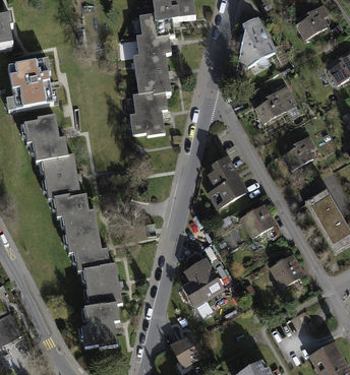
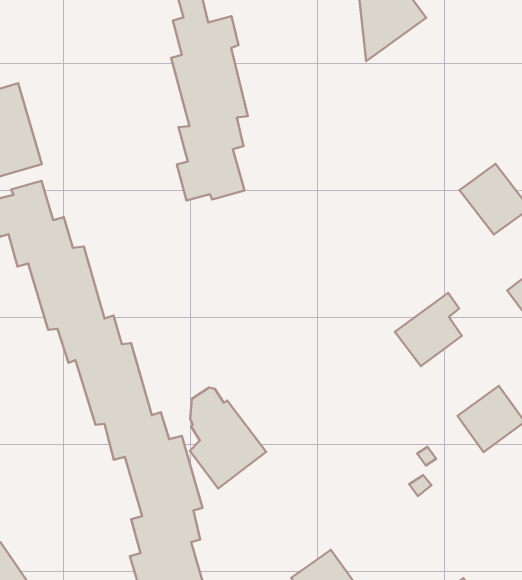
building: [251,84,293,119] -> none
building: [207,159,247,211] -> none
building: [182,252,224,308] -> [190,388,266,488]

